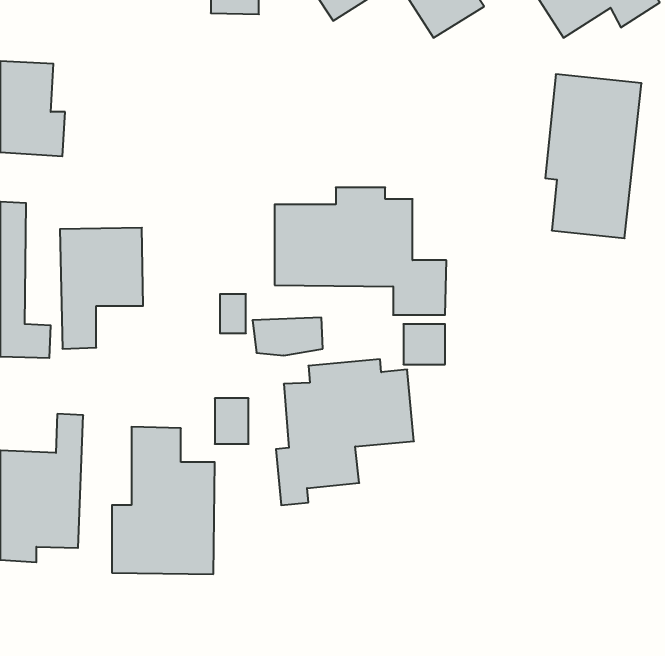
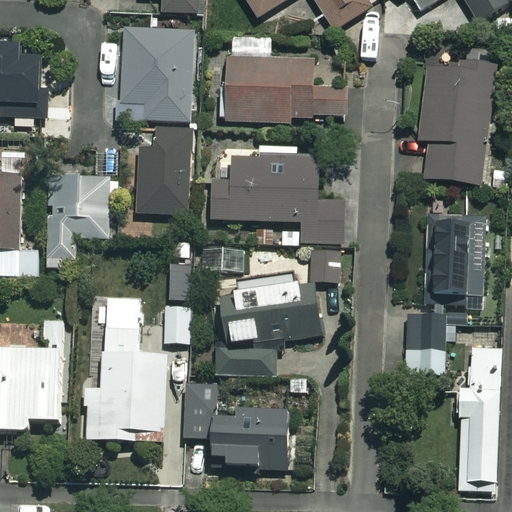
building: none -> [112,26,196,121]
building: none -> [223,55,344,121]
building: none -> [137,126,188,215]
building: none -> [427,213,486,295]
building: none -> [405,309,447,375]
building: none -> [454,348,500,492]
building: none -> [183,386,286,470]

